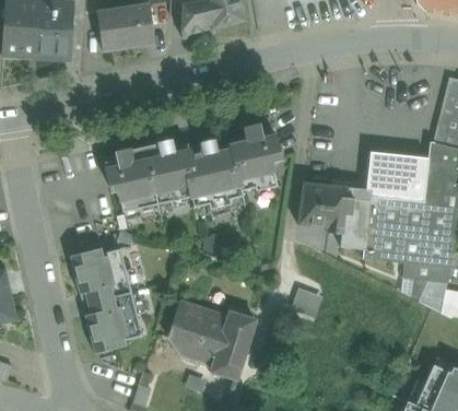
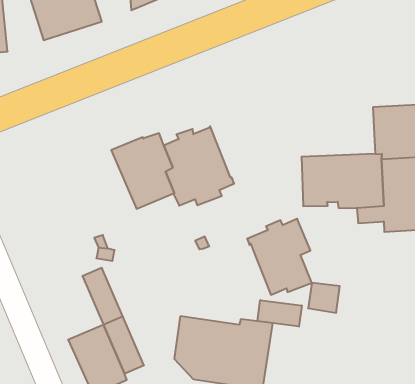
building: [228,130,280,191] -> [247,219,312,295]
building: [104,152,157,213] -> none
building: [70,248,114,305] -> none
building: none -> [258,300,302,327]

